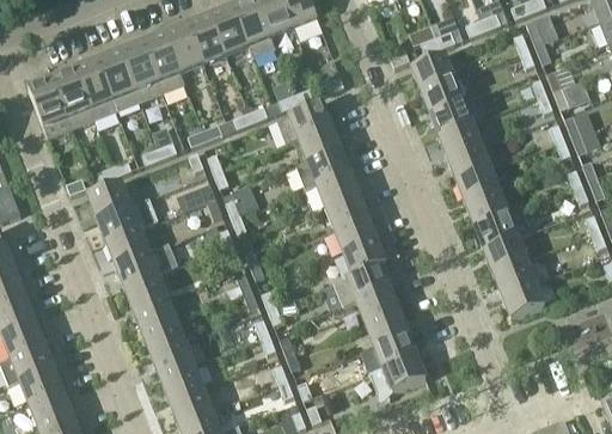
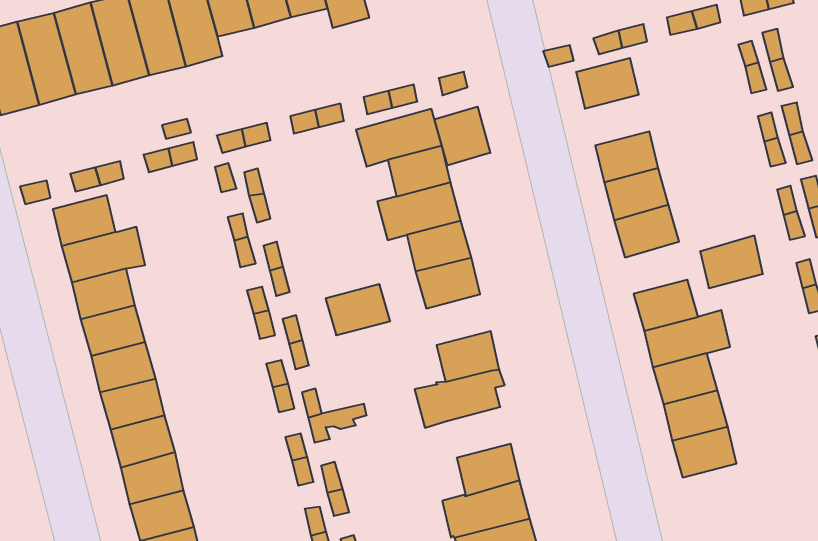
building: [421,75,464,111] -> none
building: none -> [435,107,490,166]
building: [458,166,500,203] -> [700,236,763,288]
building: [335,215,378,251] -> [326,284,390,335]
building: [356,286,399,322] -> none

